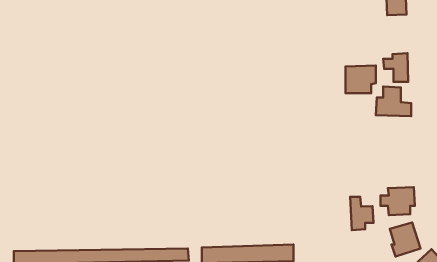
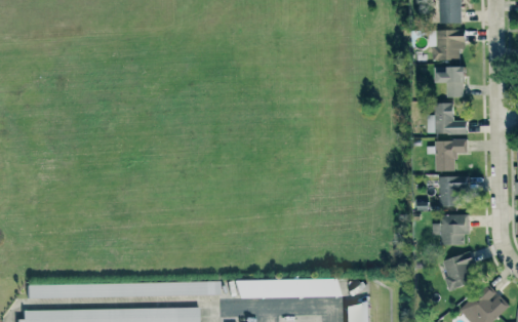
building: [345,66,376,93] -> [432,30,466,61]
building: none -> [436,139,469,171]
building: none -> [440,175,468,207]
building: [350,197,374,230] -> none

